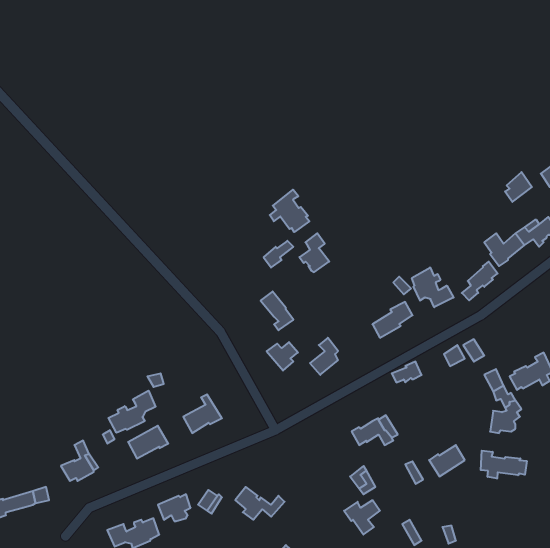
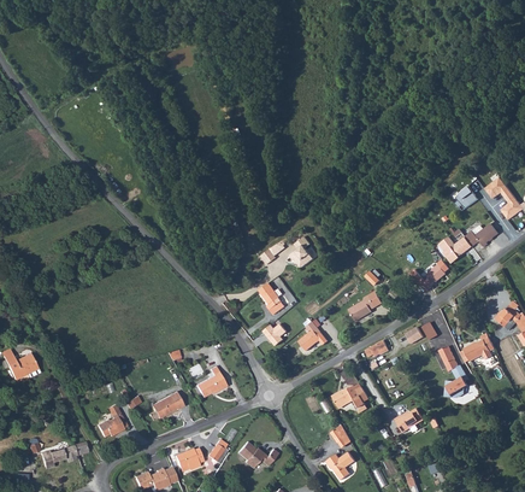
building: [270,190,309,232] -> none
building: [412,267,454,307] -> none
building: [108,391,156,433] -> none
building: [481,451,527,479] -> none

